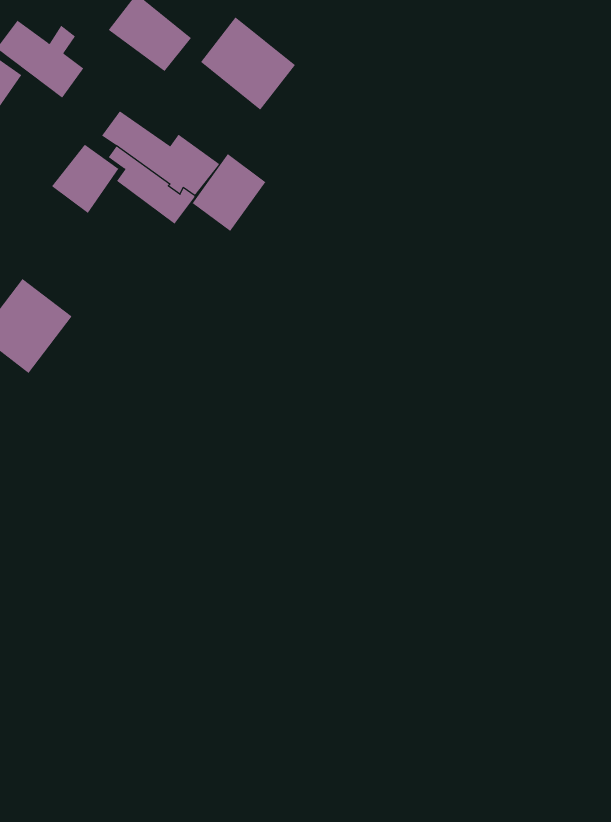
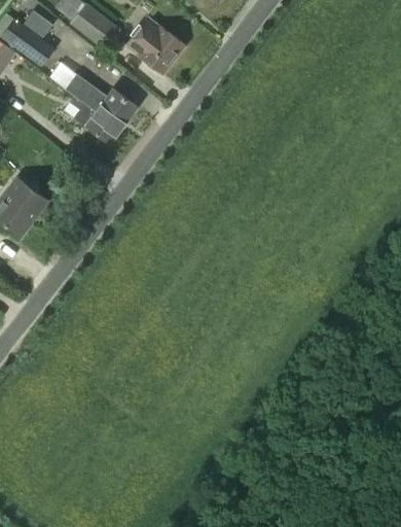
building: [51,144,119,214] -> none
building: [192,153,266,232] -> none

